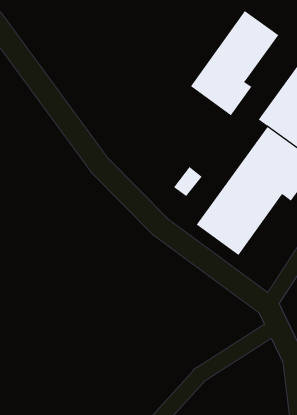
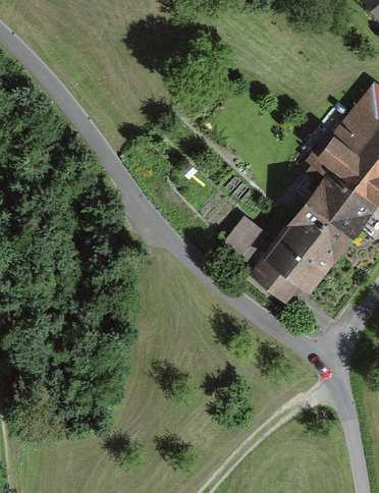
building: [190,10,279,116] -> none

